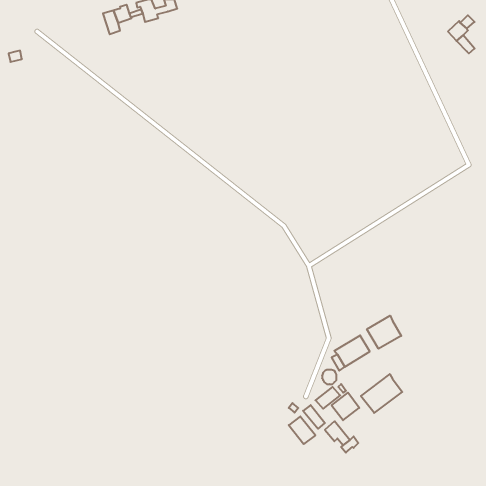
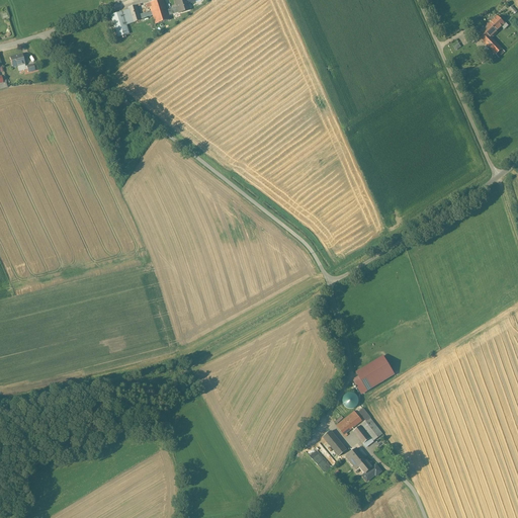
building: [367,316,401,349] -> none
building: [361,374,402,413] -> none

